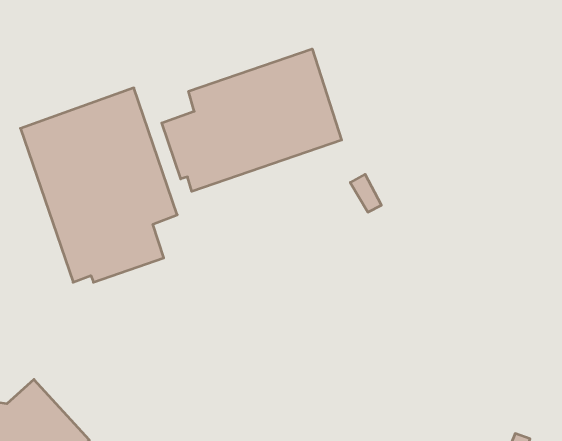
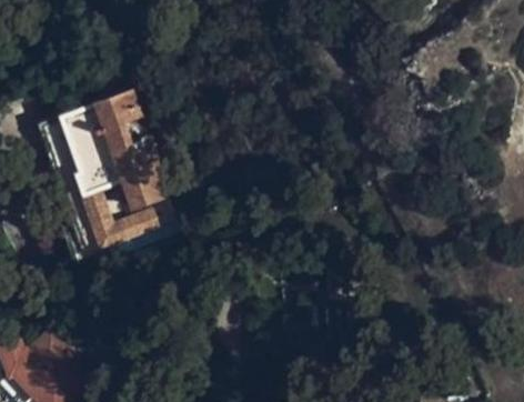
building: [162,49,342,191] -> none

